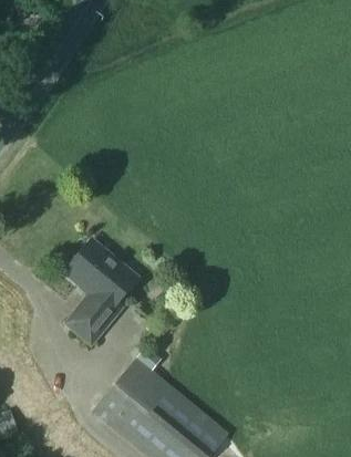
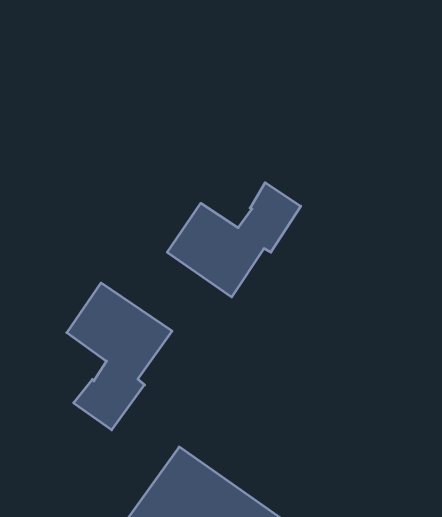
building: none -> [167,183,301,297]

